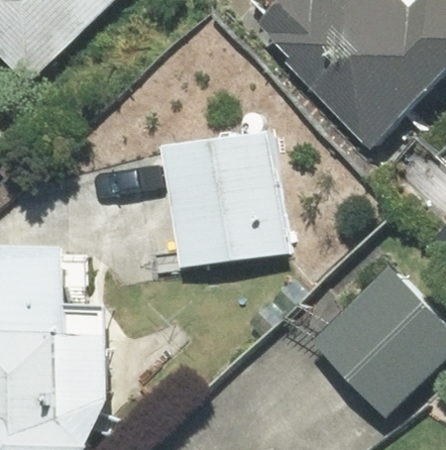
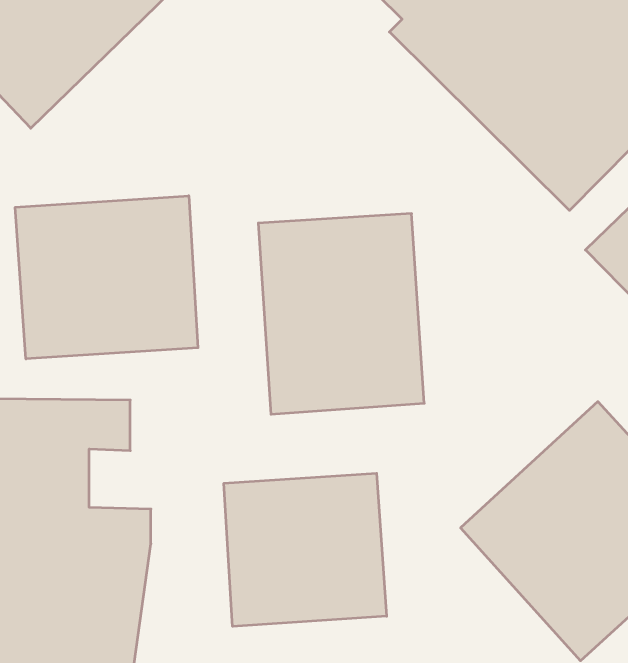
building: none -> [15,196,198,359]
building: none -> [224,473,387,626]

